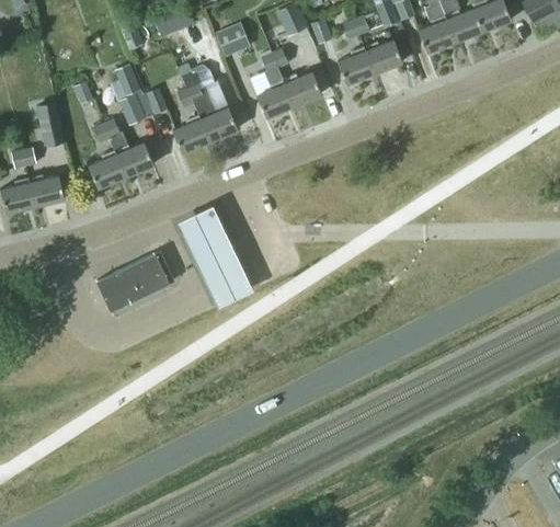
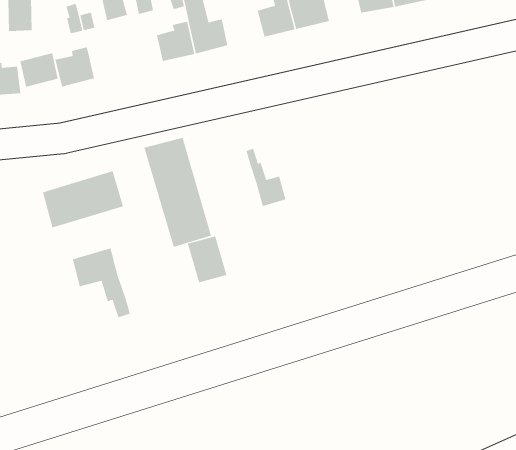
building: [117,142,153,176] -> [20,53,59,88]
building: none -> [246,148,286,207]
building: none -> [187,235,227,283]
building: none -> [72,247,131,318]

